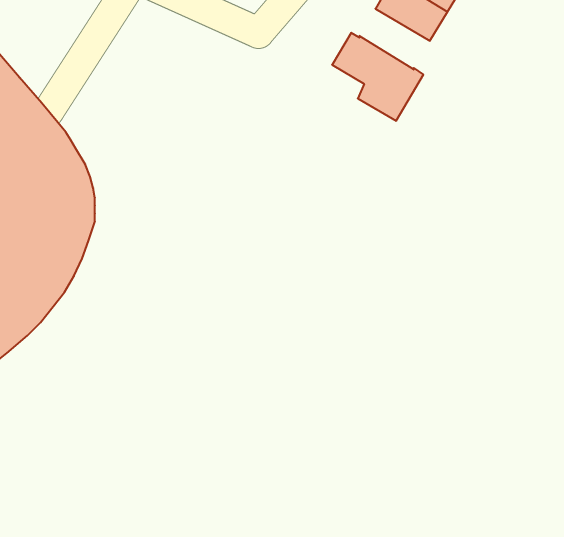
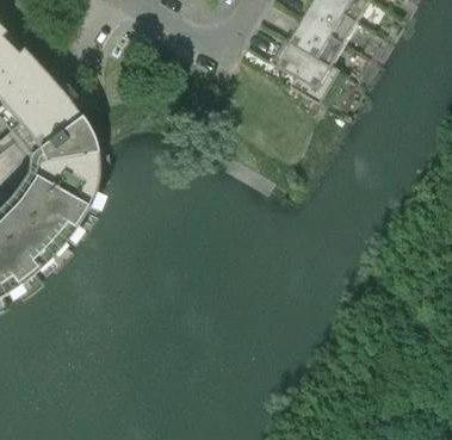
building: none -> [297,14,349,60]

